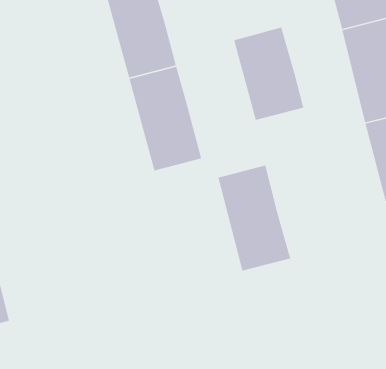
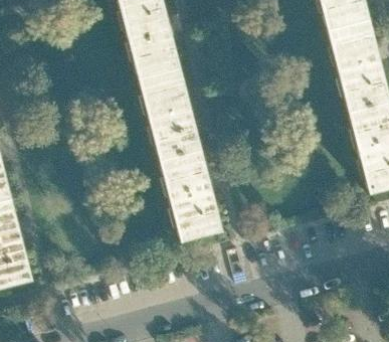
building: [233,26,304,121] -> none
building: [218,165,291,272] -> [159,144,223,237]

